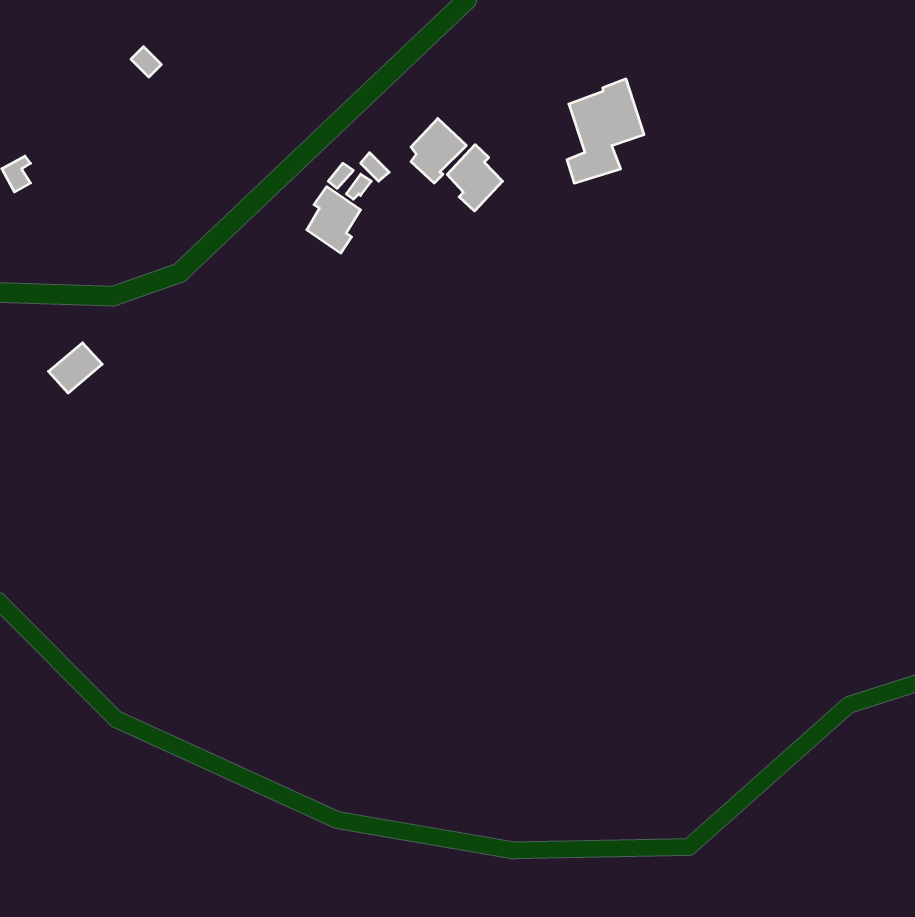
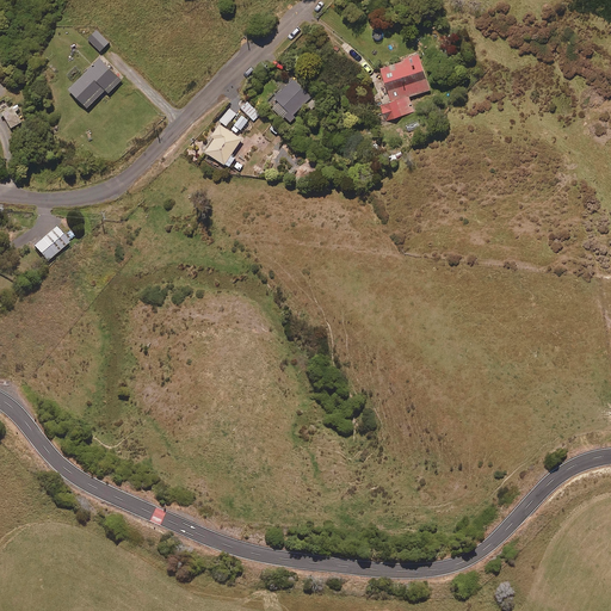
building: none -> [67,58,121,109]
building: [447,145,503,211] -> none

